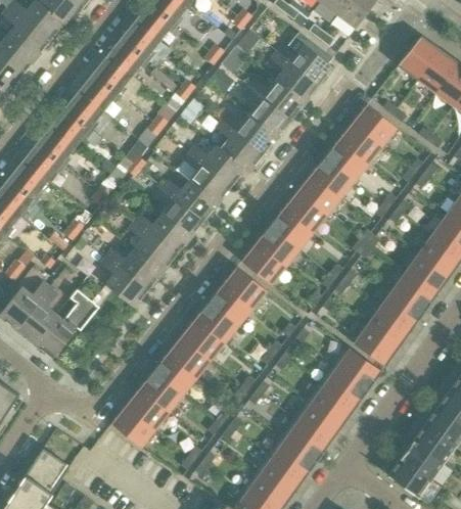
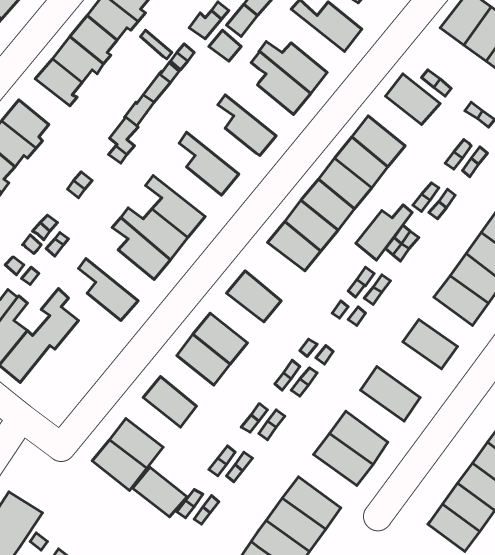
building: [269,50,319,102] -> none
building: [51,107,93,145] -> none
building: [221,112,277,154] -> none
building: [338,122,382,163] -> none
building: [189,144,246,186] -> none
building: [162,180,218,221] -> none
building: none -> [356,205,412,260]
building: [241,242,286,284] -> none
building: [106,247,163,290] -> none
building: [209,284,252,325] -> none
building: [380,287,424,328] -> none
building: [354,324,399,365] -> none
building: [168,335,212,377] -> none
building: [320,364,368,407] -> none
building: [139,370,184,411] -> [132,467,187,517]
building: [281,417,329,461] -> none

